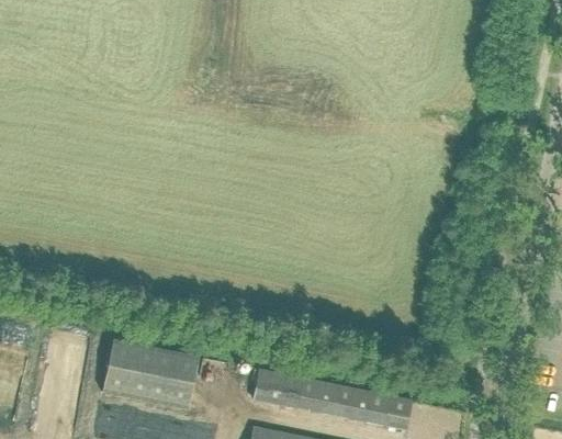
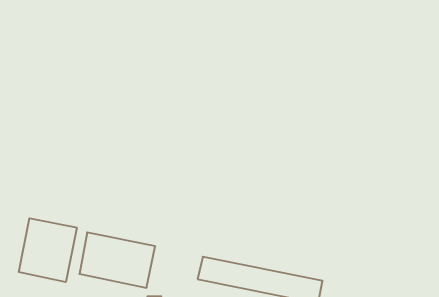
building: none -> [19,218,77,282]

